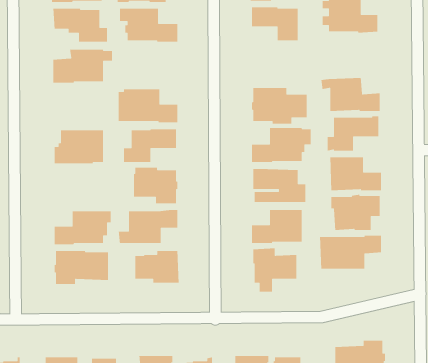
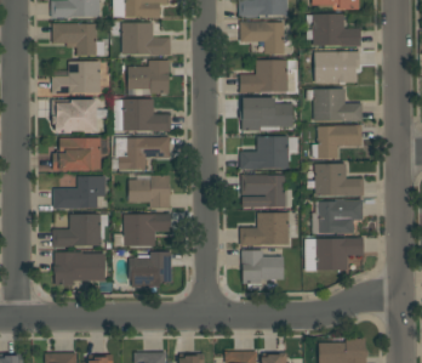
building: none -> [316,51,361,83]
building: none -> [129,61,170,96]
building: none -> [240,61,297,93]
building: none -> [52,100,97,134]
building: none -> [53,176,106,209]

